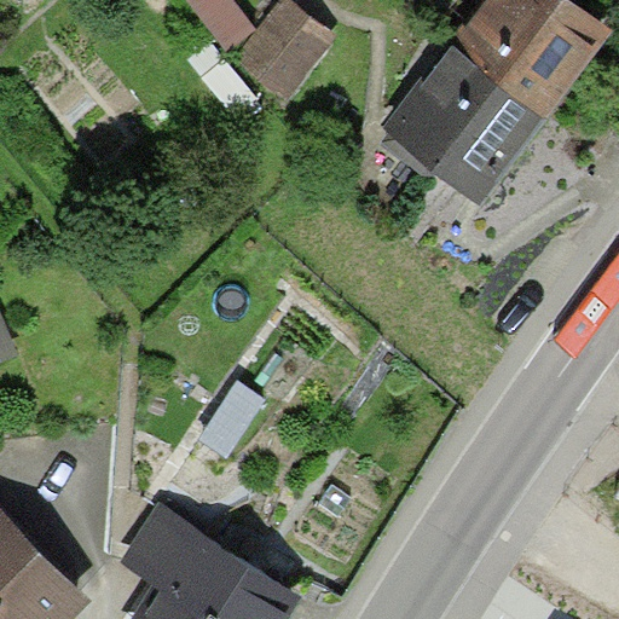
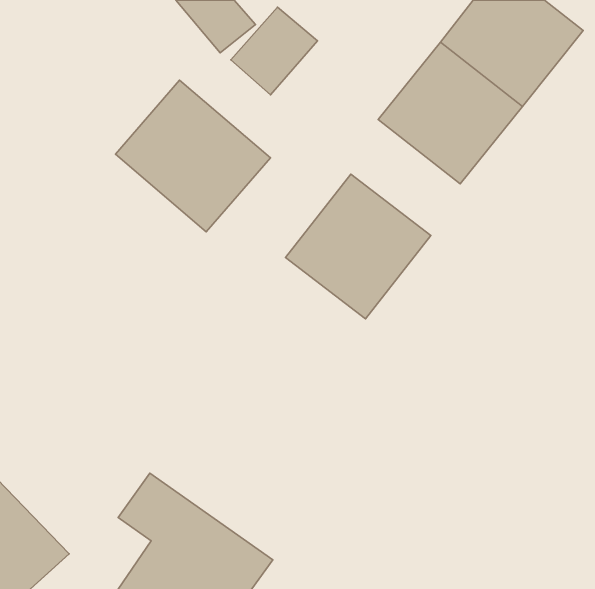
building: none -> [115,80,270,232]
building: none -> [285,174,431,319]

